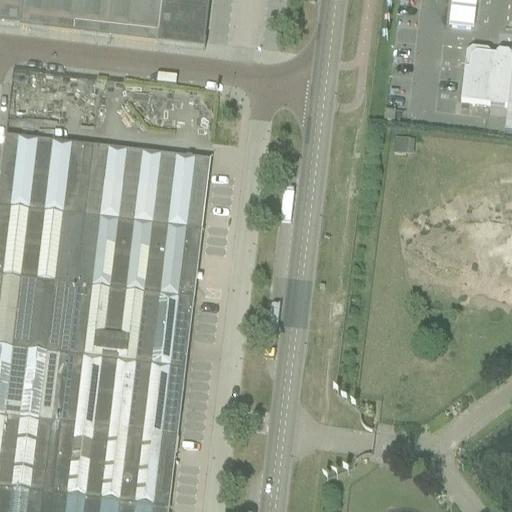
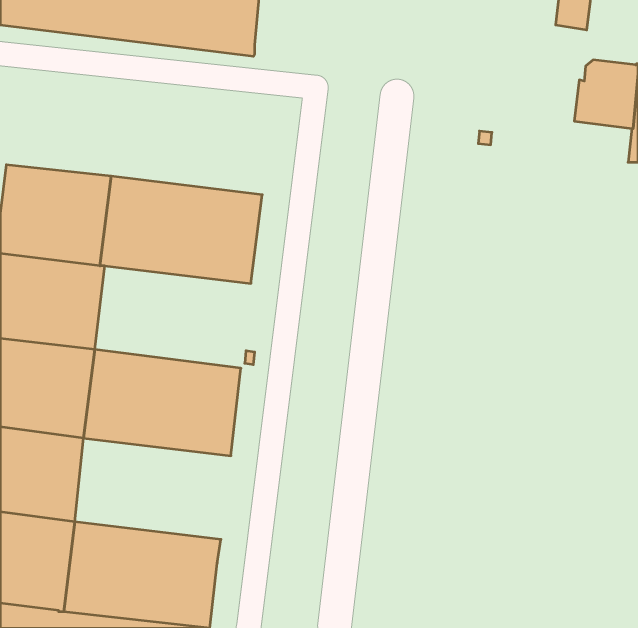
building: [76,213,201,295] -> none
building: [60,351,185,432] -> none

